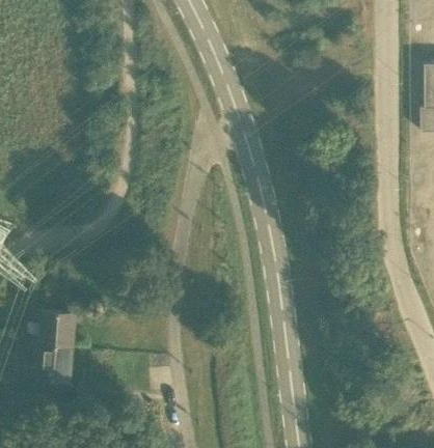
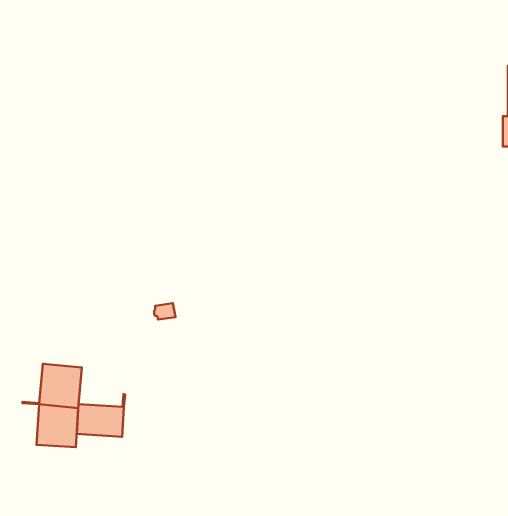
building: none -> [77,394,125,437]

